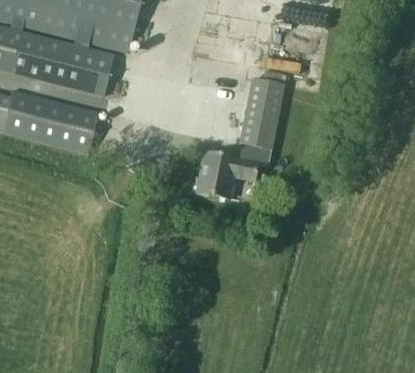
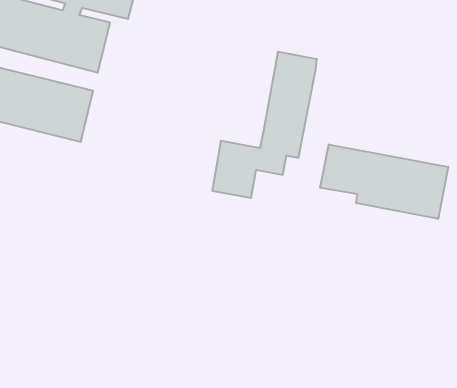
building: none -> [320,144,448,219]

